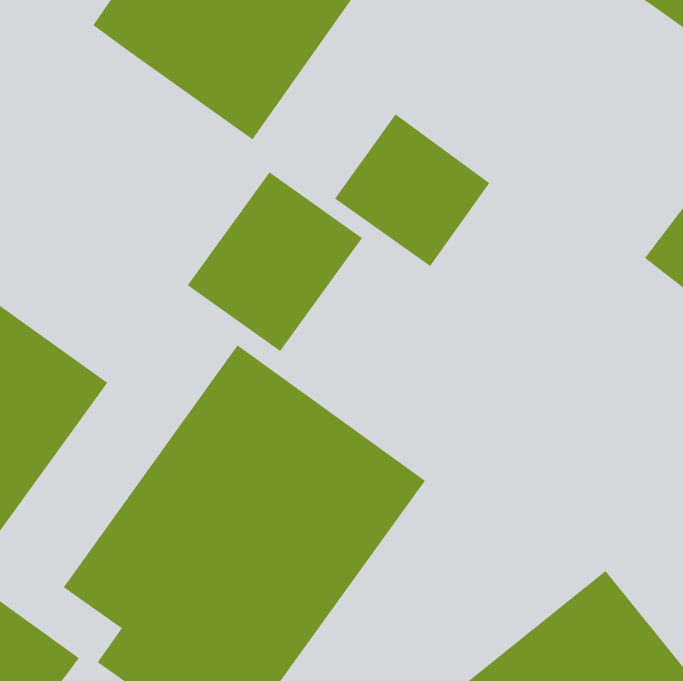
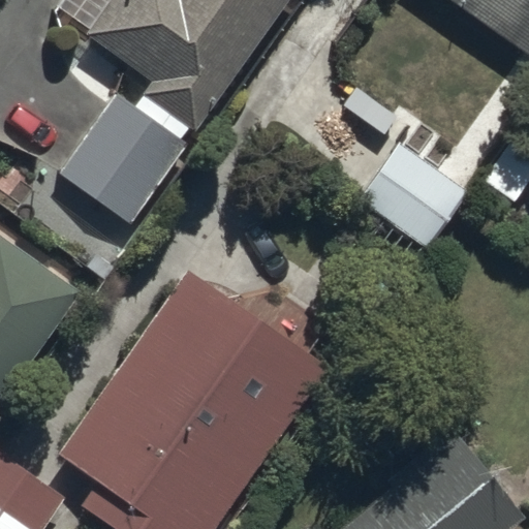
building: [334,113,490,267] -> [360,142,473,253]
building: [187,172,363,352] -> [60,93,188,224]

